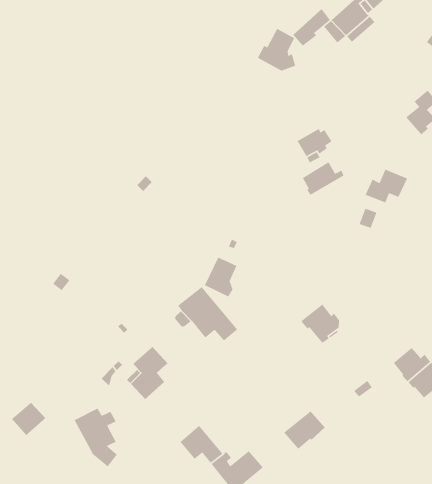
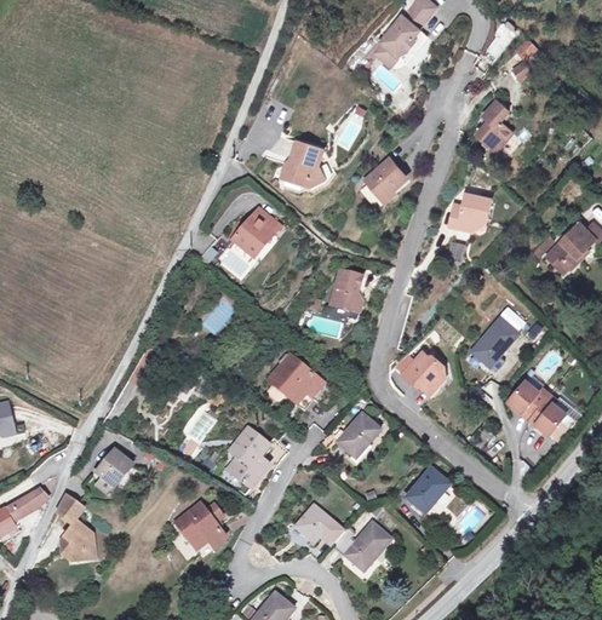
building: [257,28,296,71] -> [281,140,325,186]
building: none -> [227,206,281,257]
building: [302,161,344,196] -> none
building: [204,256,238,298] -> [329,269,362,311]
building: none -> [471,316,520,367]
building: none -> [336,413,380,459]
building: [11,402,46,436] -> [96,449,133,487]

